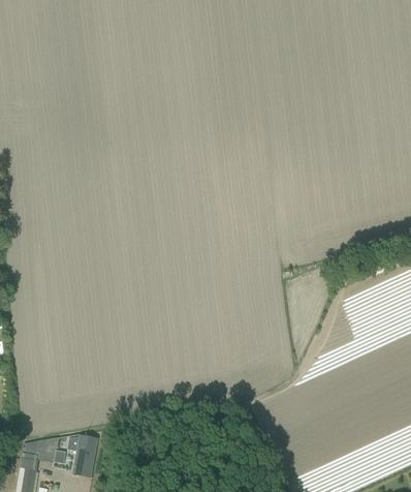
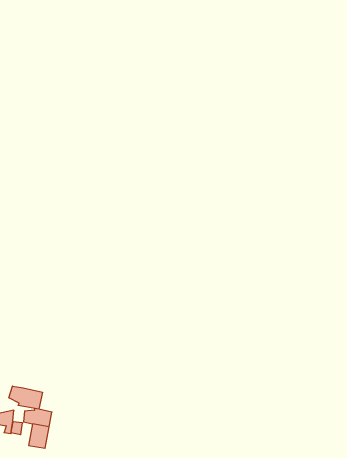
building: none -> [9,386,42,409]

